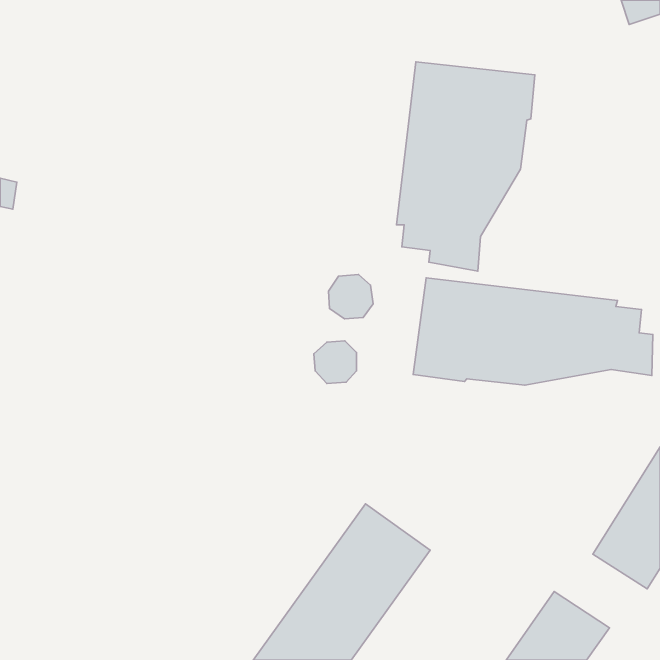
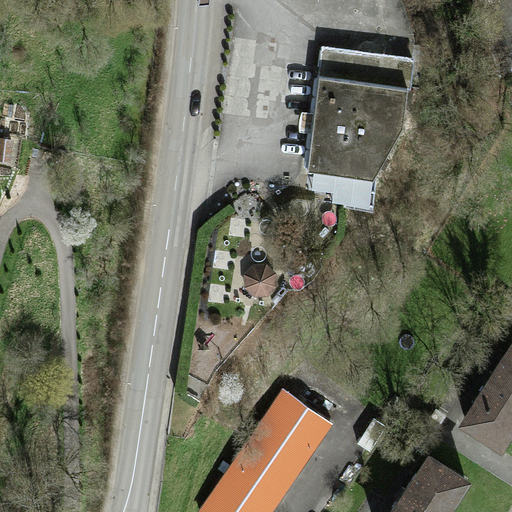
building: [328,275,373,319] -> none
building: [413,278,653,385] -> none

